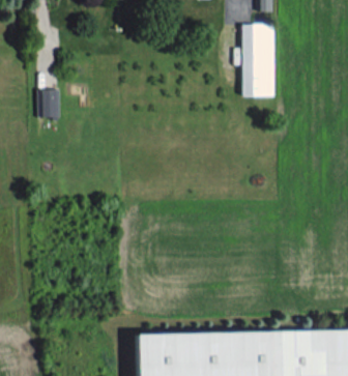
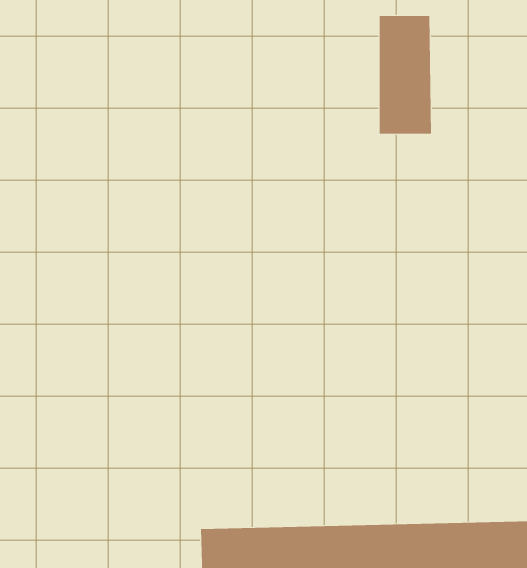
building: [42,88,60,117] -> none

